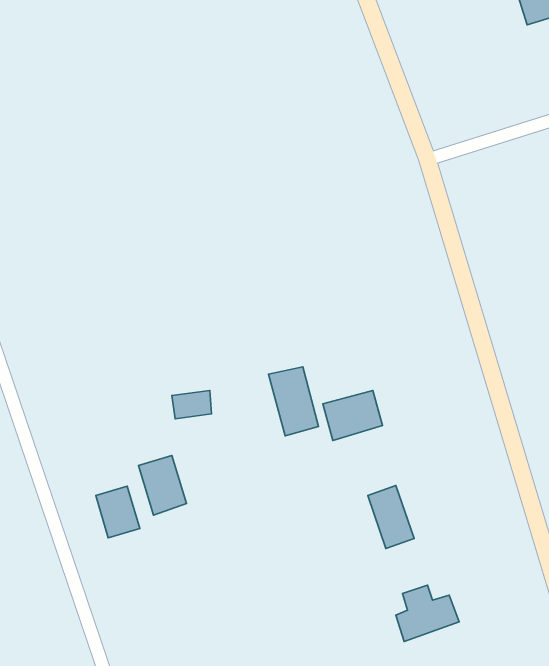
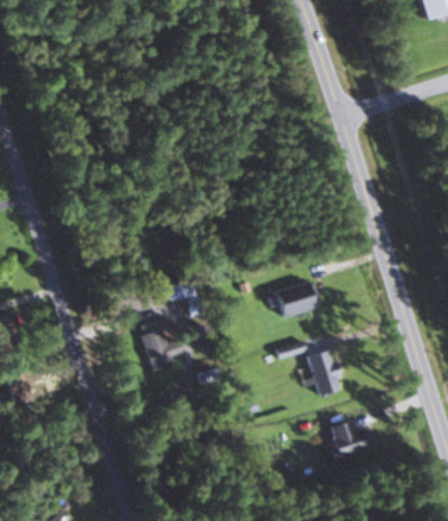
building: [268,367,318,436] -> none
building: [96,486,140,538] -> none

